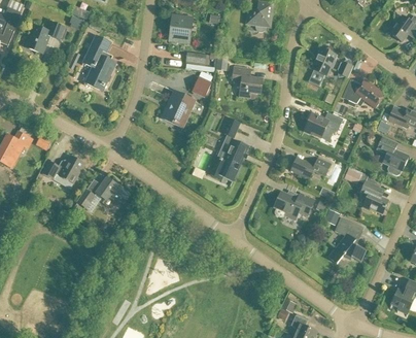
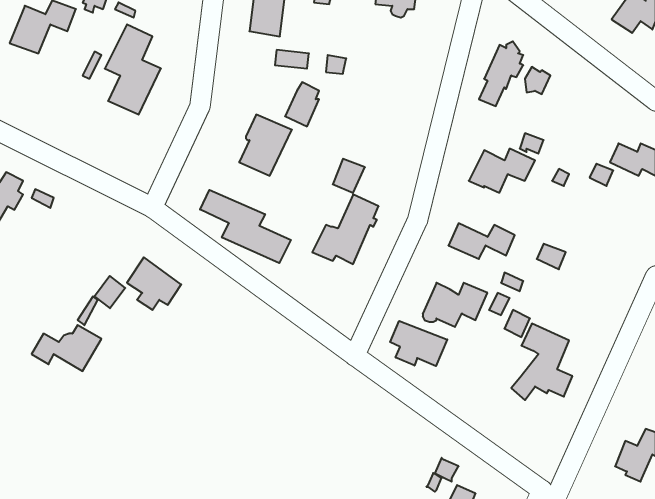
building: [232,65,263,98] -> none
building: [345,79,381,105] -> none
building: none -> [200,190,291,263]
building: [376,136,409,174] -> none
building: [42,155,84,182] -> [32,325,101,371]
building: [360,180,388,213] -> none
building: none -> [390,321,447,366]

